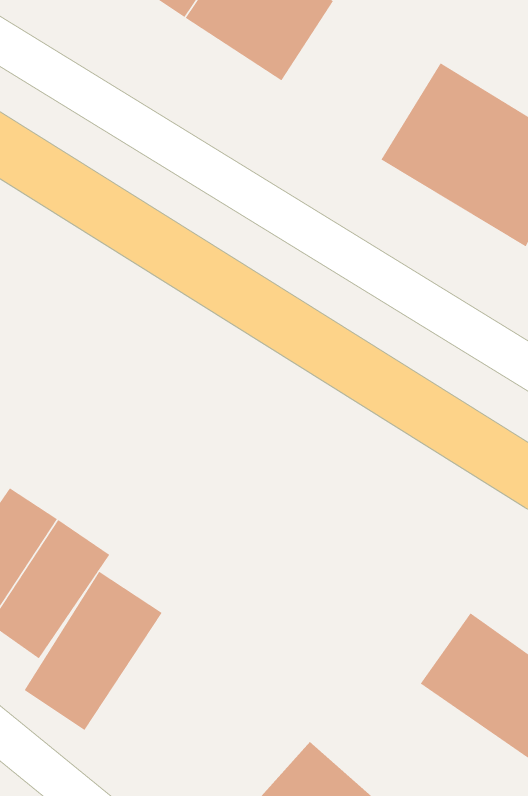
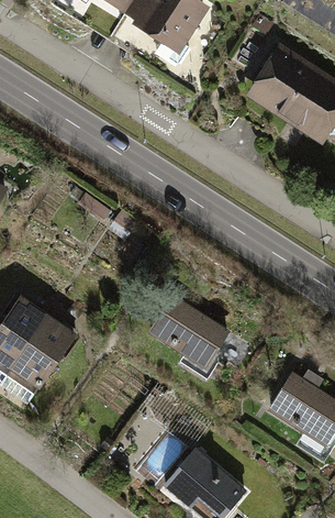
building: none -> [150,294,238,375]
building: [24,571,163,731] -> none

